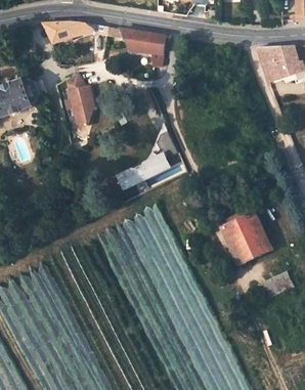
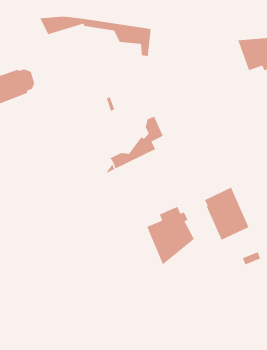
building: [66,74,92,128] -> none
building: none -> [146,206,195,266]

